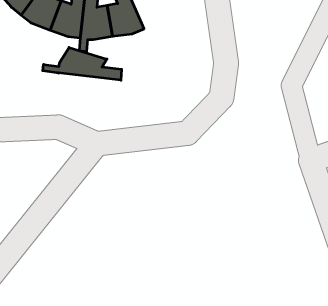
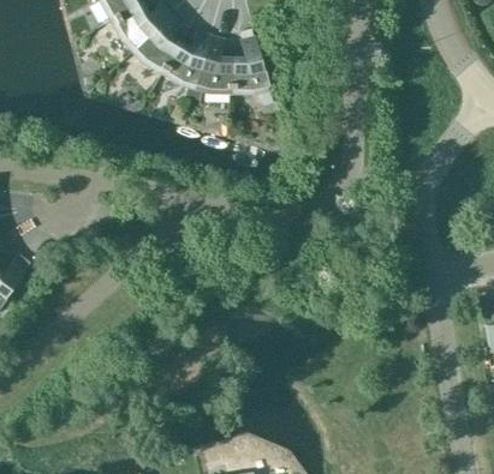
building: [43,47,122,80] -> none

